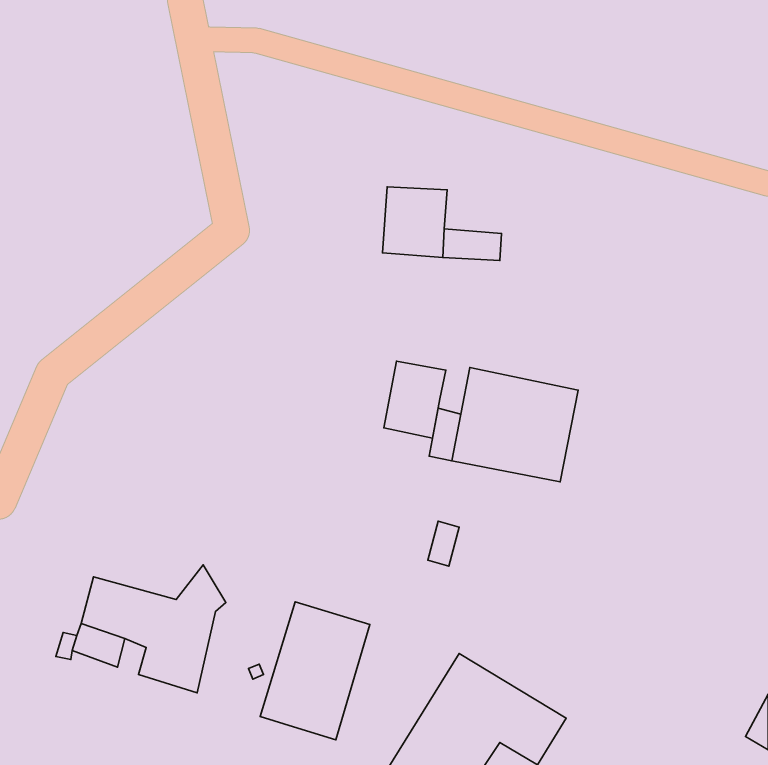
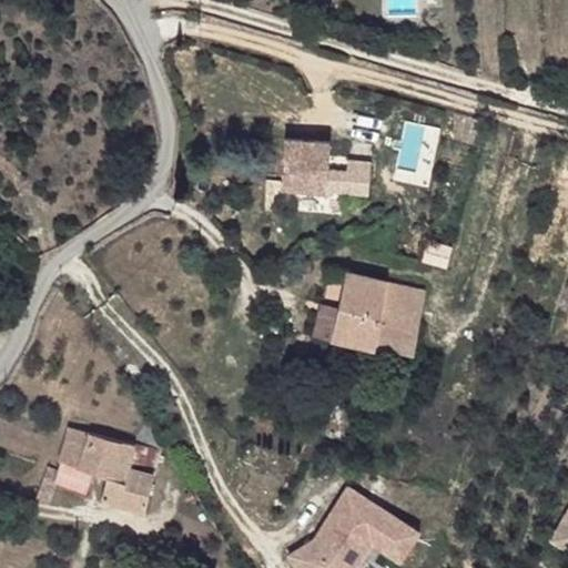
building: [384,361,446,438] -> none
building: [260,602,370,740] -> none

